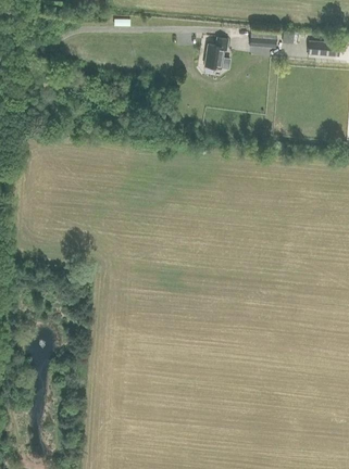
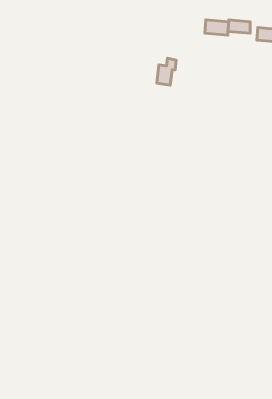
building: [205,38,227,68] -> [157,58,176,85]

